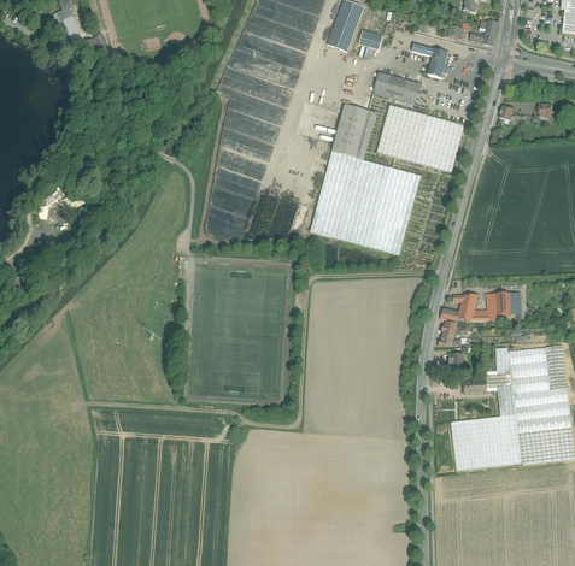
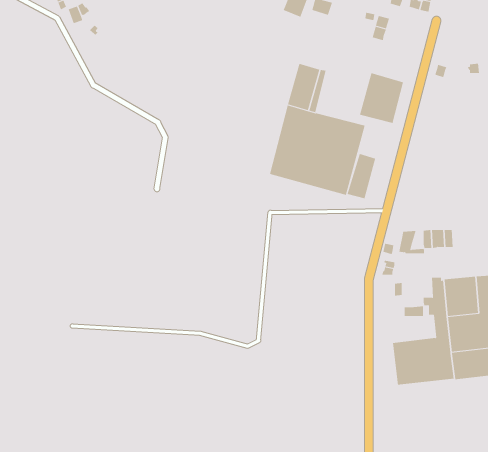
building: [372,72,419,104] -> none
building: [377,105,427,163] -> none
building: none -> [347,153,376,199]

